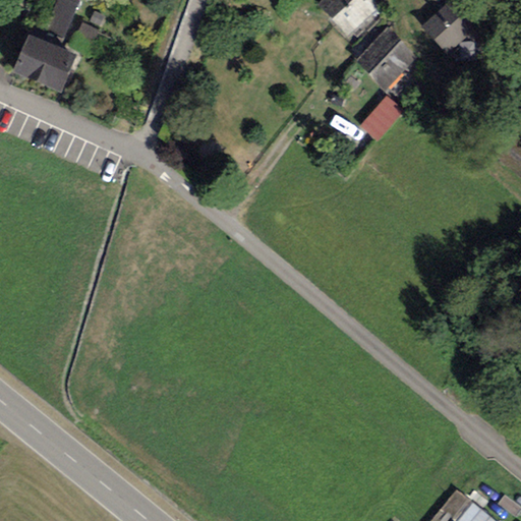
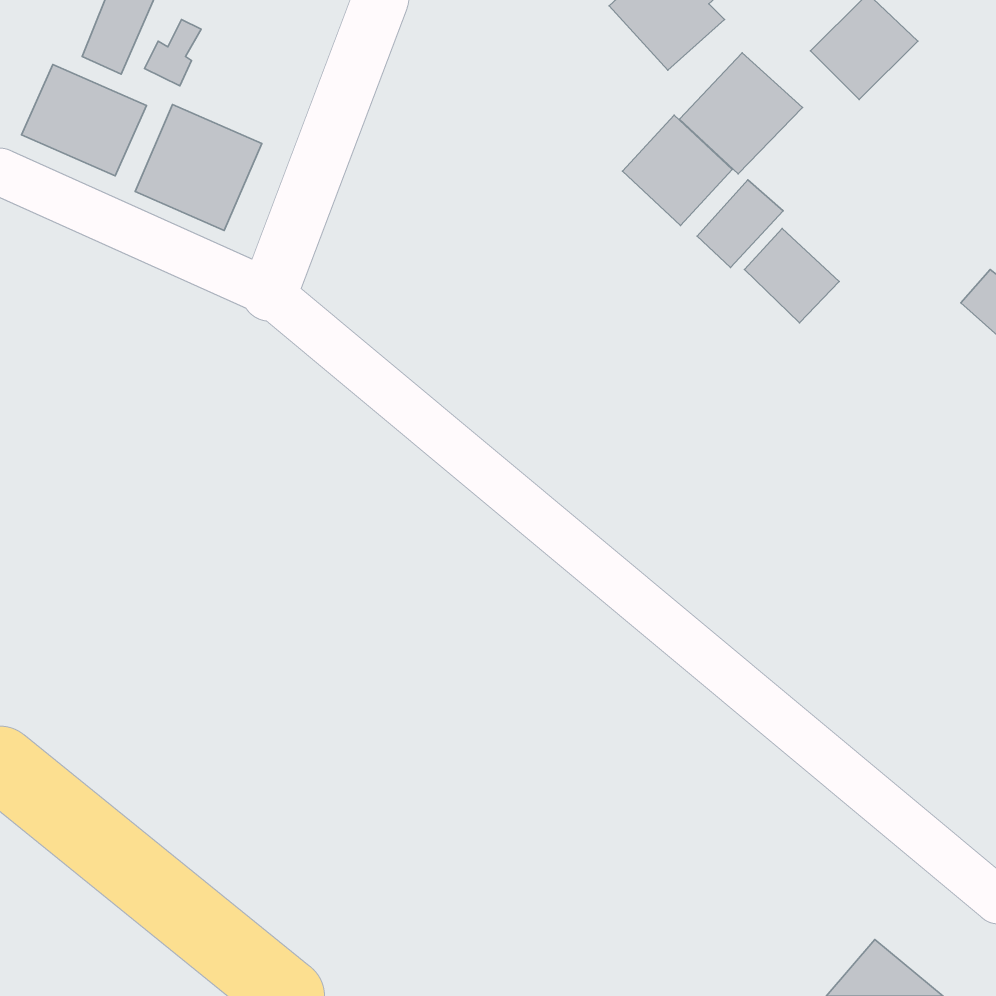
building: none -> [135,105,262,231]
building: none -> [622,115,732,225]
building: none -> [744,228,839,323]

